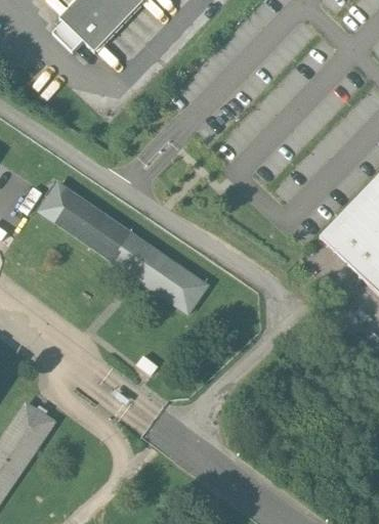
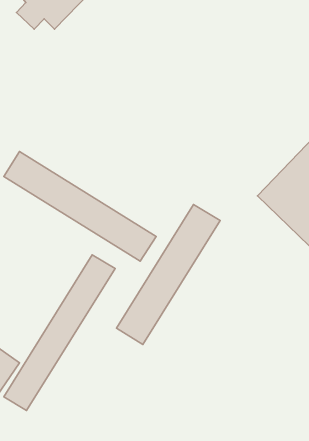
building: none -> [116,204,220,344]
building: none -> [4,255,115,411]

